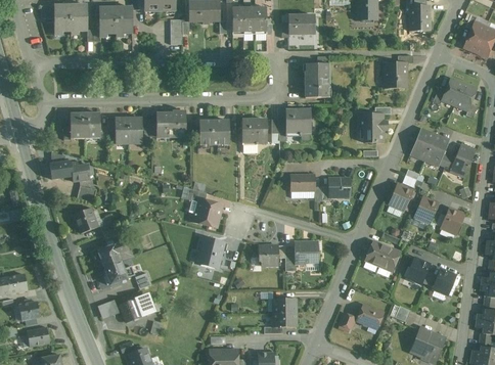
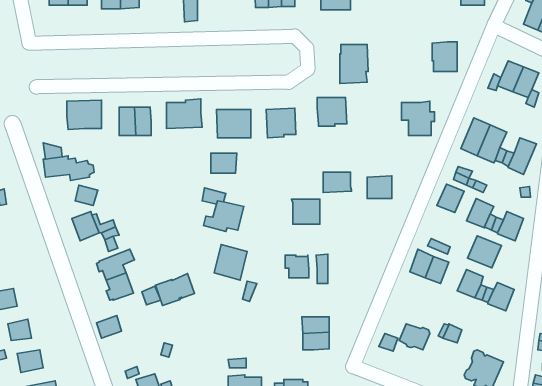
building: none -> [211,153,237,173]
building: none -> [467,236,501,268]
building: [294,241,318,263] -> [292,199,320,224]
building: [120,293,153,321] -> [155,273,195,305]

